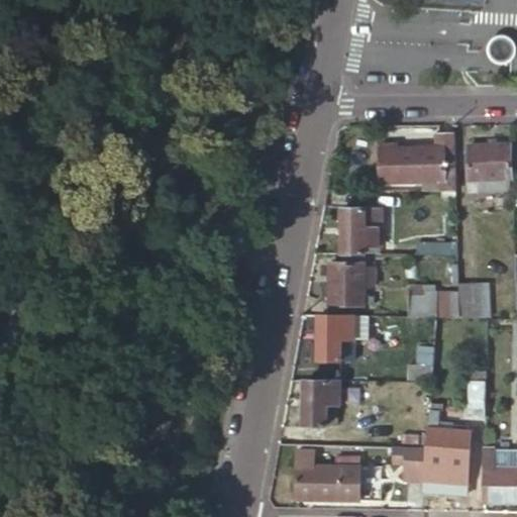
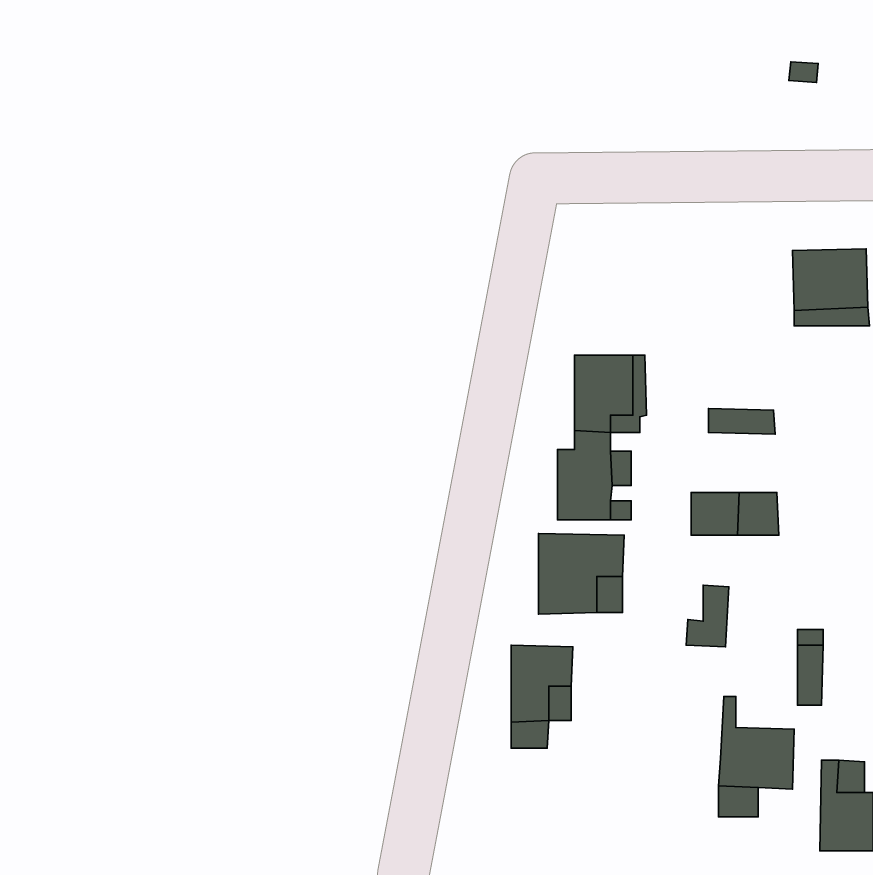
building: [375,134,452,190] -> none
building: [457,283,490,316] -> none
building: [391,445,424,480] -> none
building: [295,450,359,501] -> none

